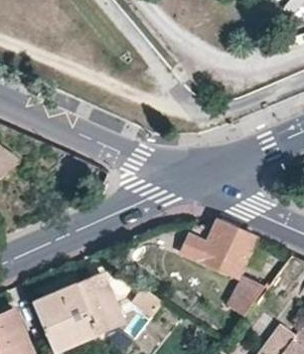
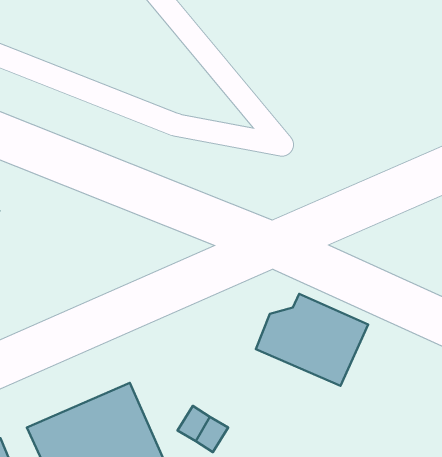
building: [224,278,267,317] -> none

